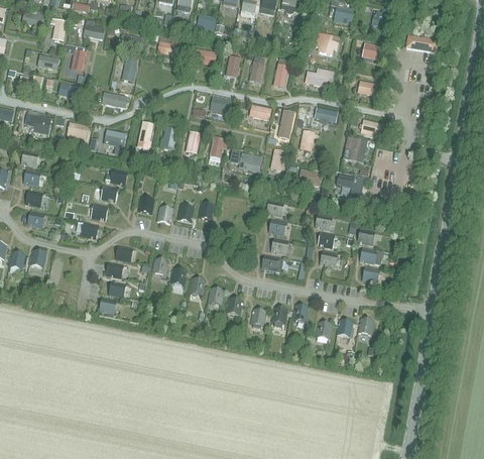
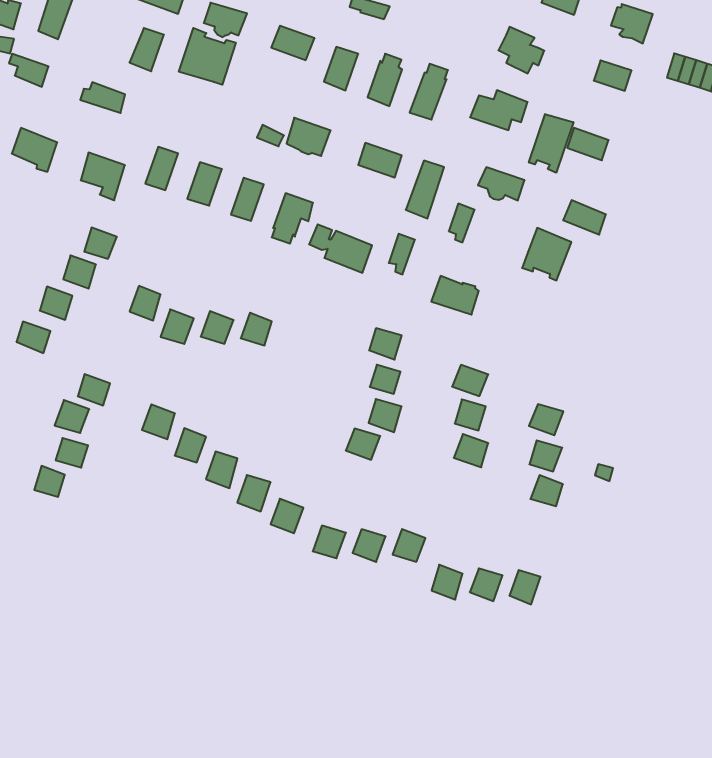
building: none -> [179,28,236,85]
building: none -> [529,114,573,173]
building: [335,174,363,199] -> none

